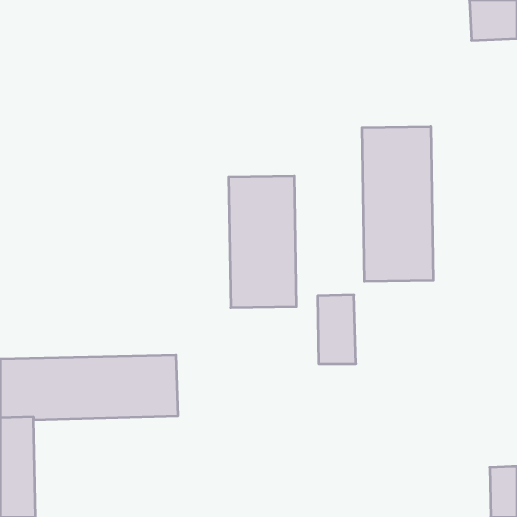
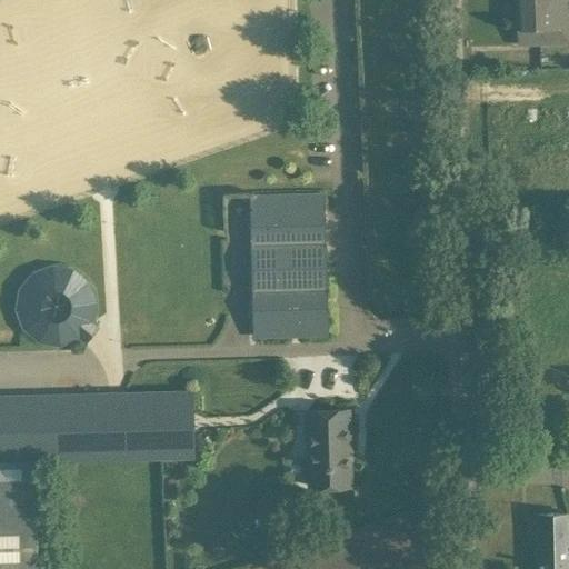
building: [362,126,433,281] -> none
building: none -> [17,264,96,345]
building: [318,295,356,364] -> [309,409,351,485]

